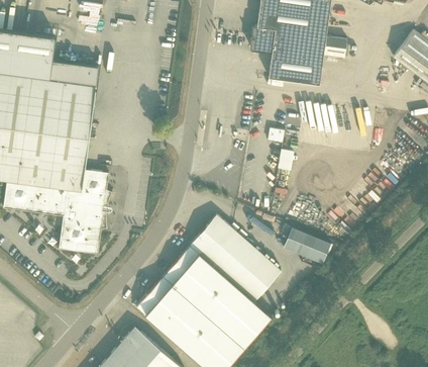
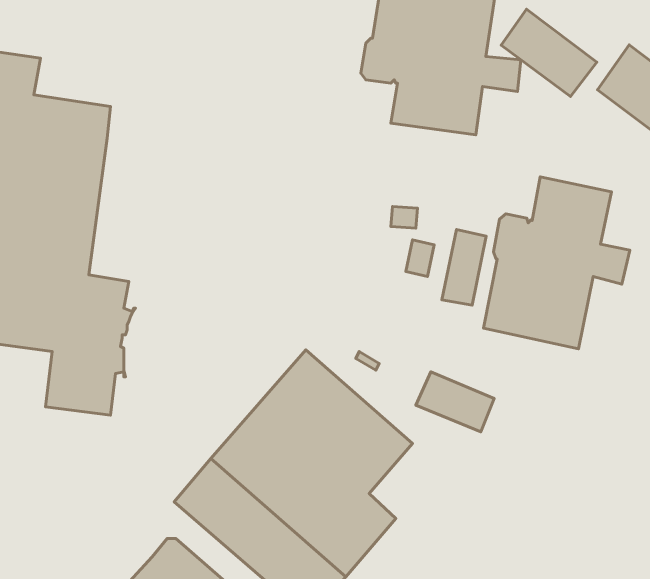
building: none -> [501,9,597,97]
building: none -> [484,177,630,349]
building: none -> [442,230,486,305]

